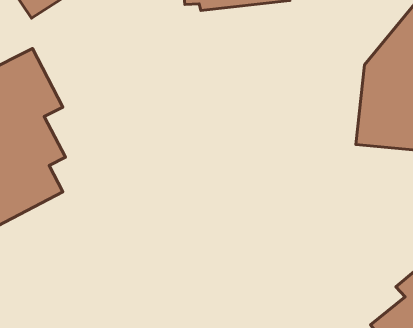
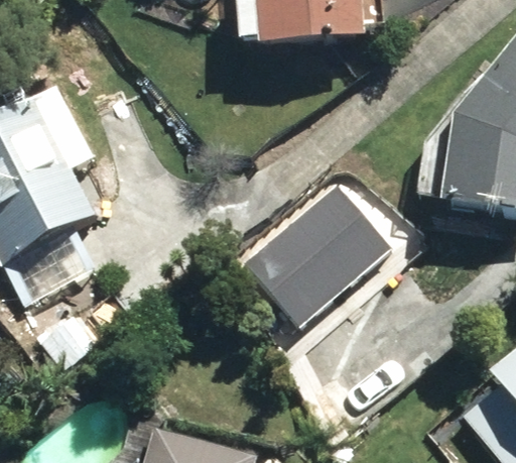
building: none -> [244,185,390,326]

